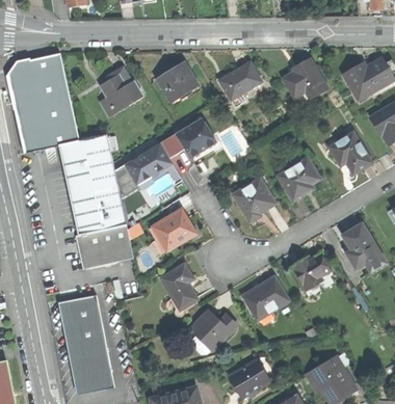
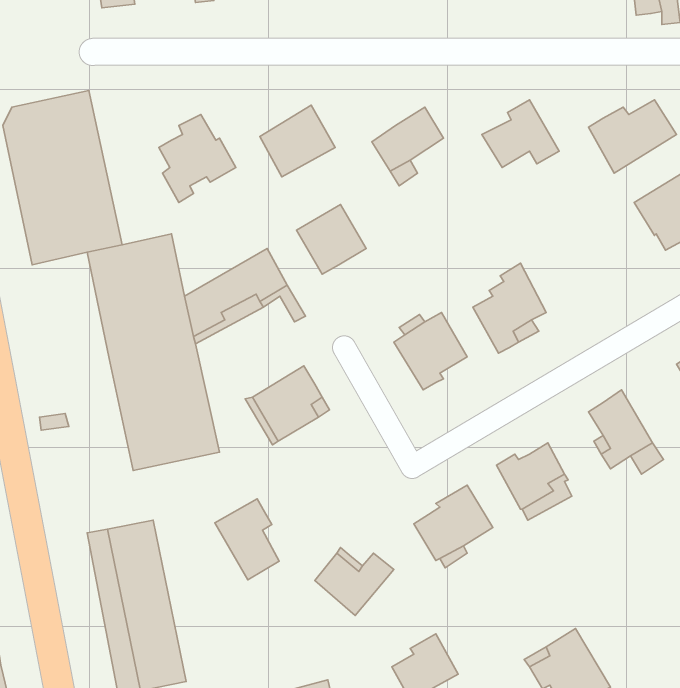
building: [330,131,370,173] -> none
building: [160,264,196,309] -> [215,499,279,580]

